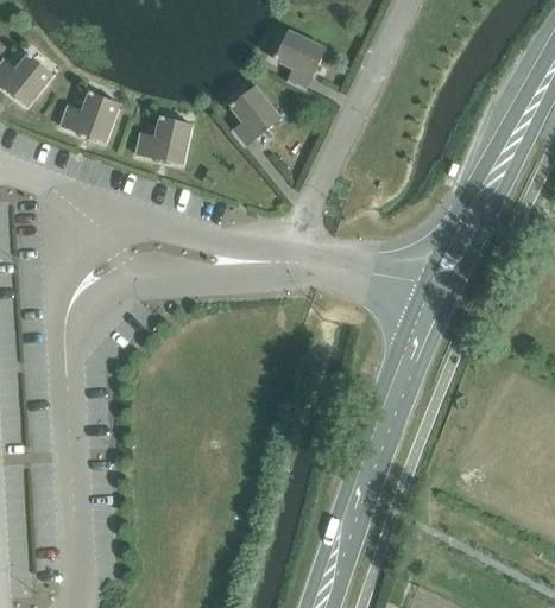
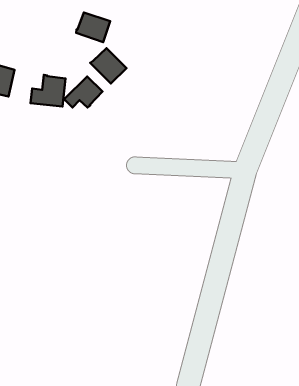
building: [273,31,324,77] -> [76,12,110,42]
building: none -> [64,76,102,108]

